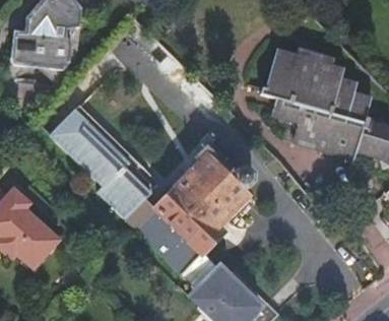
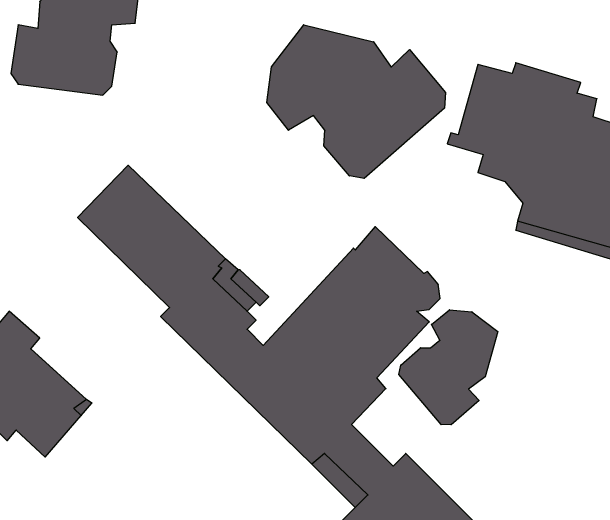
building: none -> [267,25,445,178]
building: none -> [399,310,498,425]

